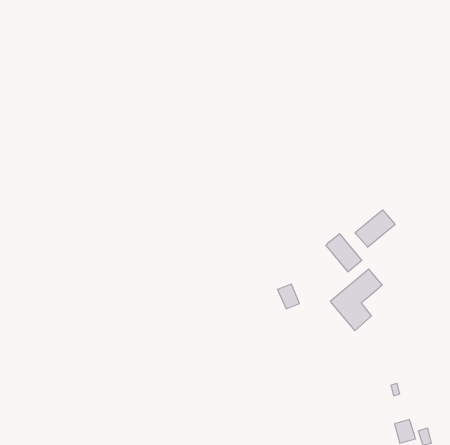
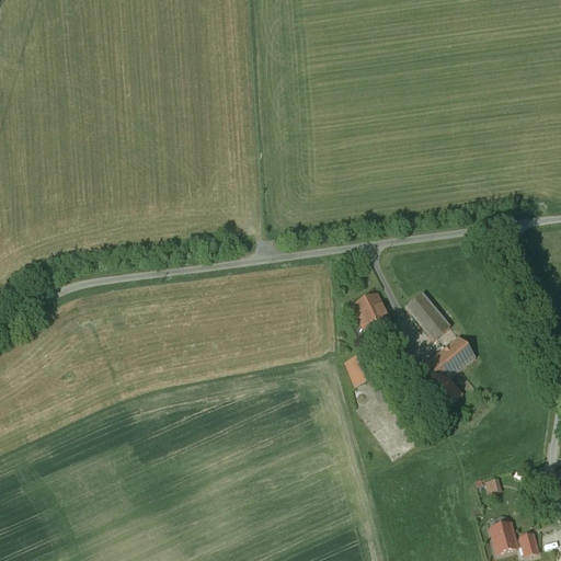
building: [355,210,395,247] -> none
building: none -> [353,293,391,334]

